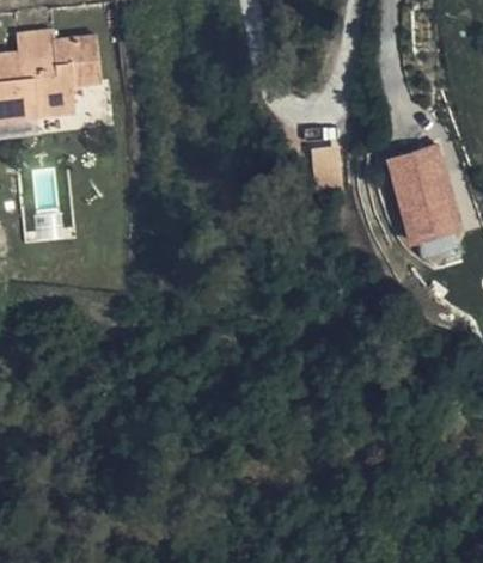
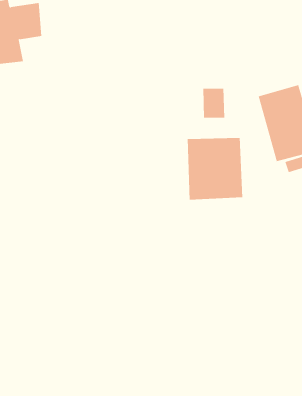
building: none -> [187,137,243,201]

